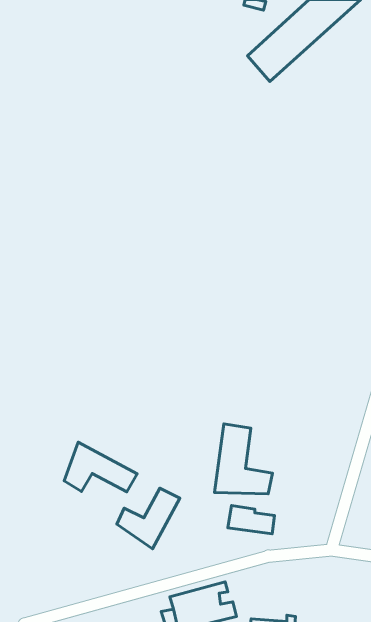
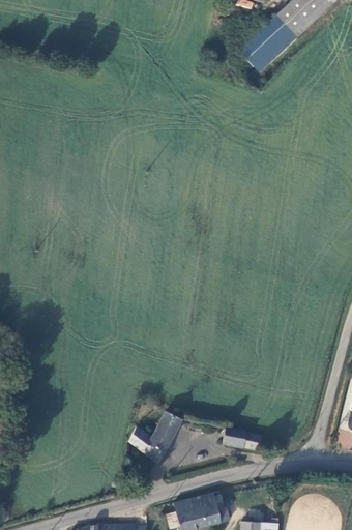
building: [214,424,272,494] -> none
building: [64,442,137,492] -> none

